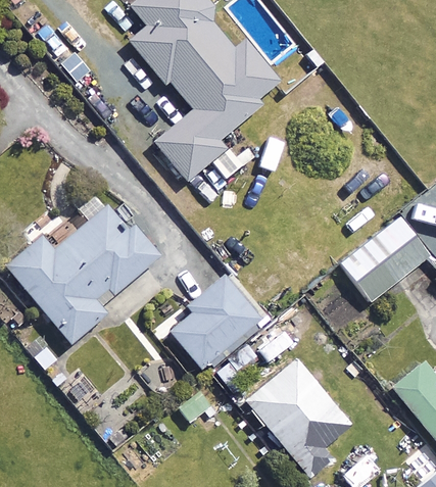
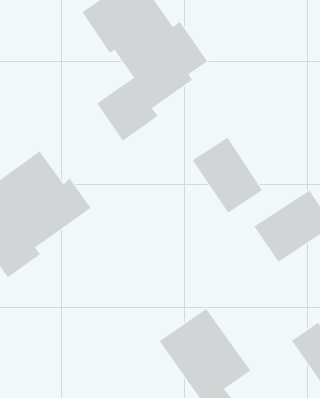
building: none -> [192,137,263,214]
building: [172,272,268,374] -> none

